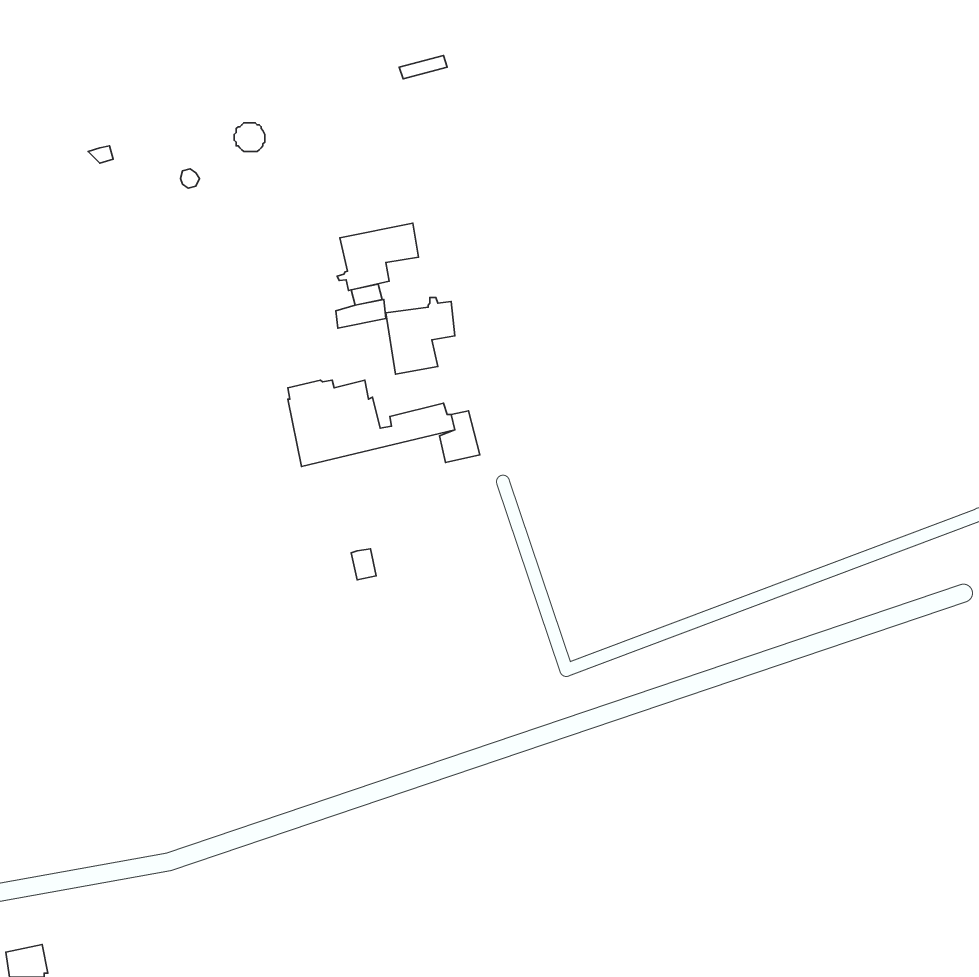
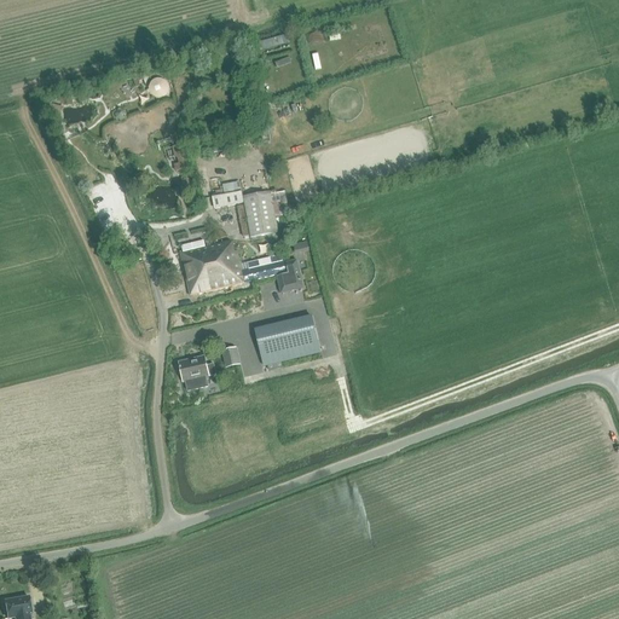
building: [337,223,419,290] -> none
building: none -> [254,314,318,364]
building: none -> [178,355,214,389]

